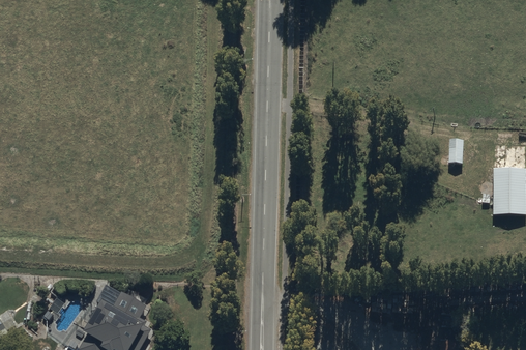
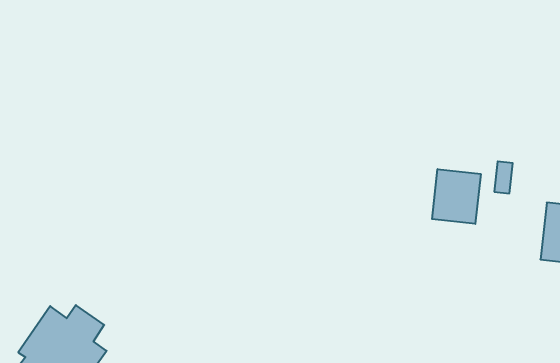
building: none -> [432,169,481,224]

